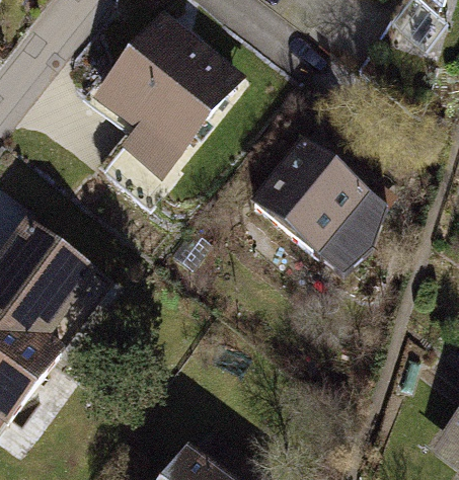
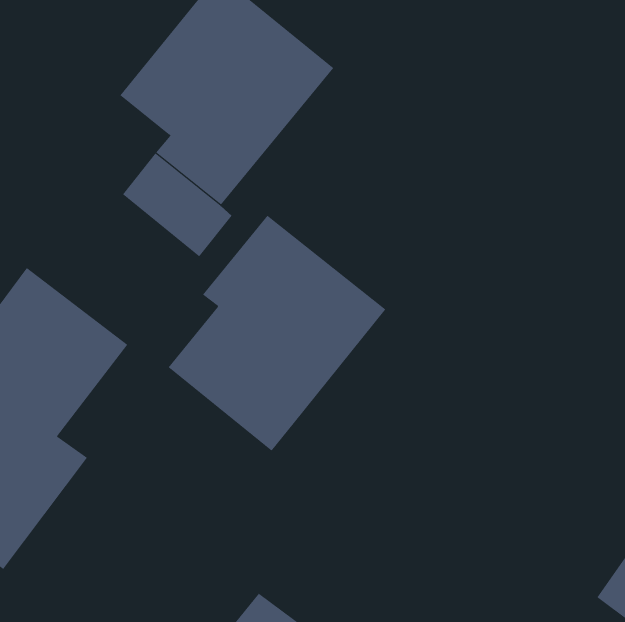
building: [246,132,391,276] -> none
building: none -> [168,215,386,452]

